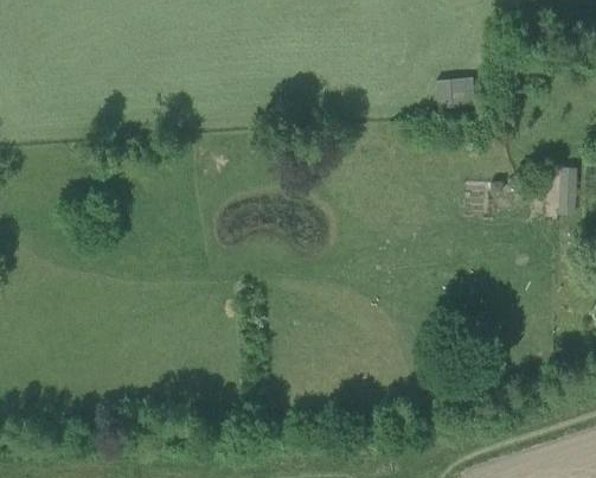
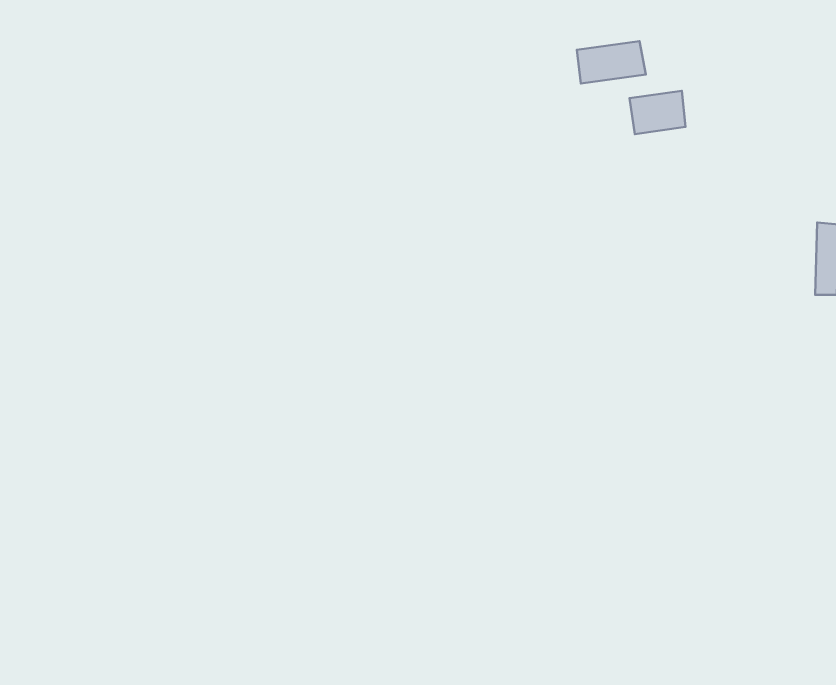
building: none -> [577,41,646,84]

